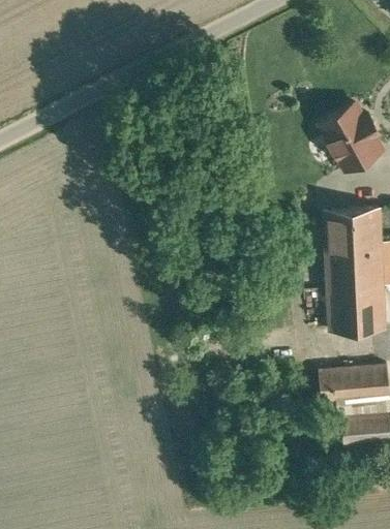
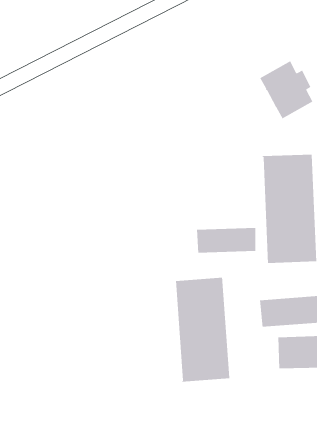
building: none -> [196,227,256,254]
building: none -> [175,277,231,382]

